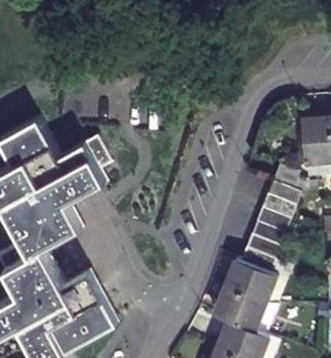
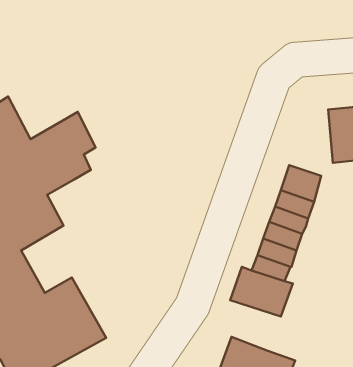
building: [212,288,265,332] -> none

